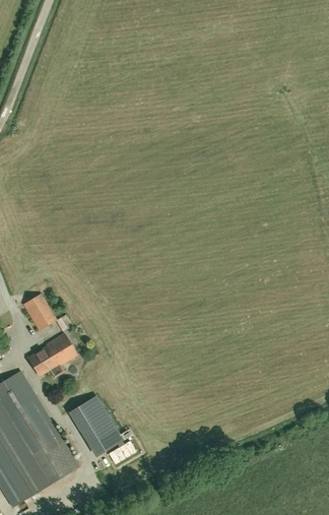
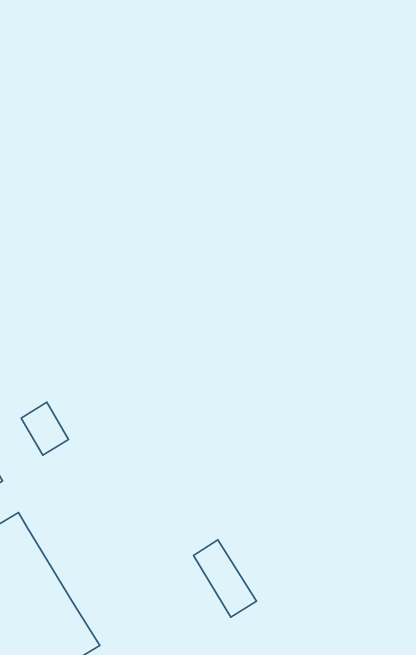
building: [26,334,76,376] -> none
building: [76,396,121,451] -> [194,540,257,617]

